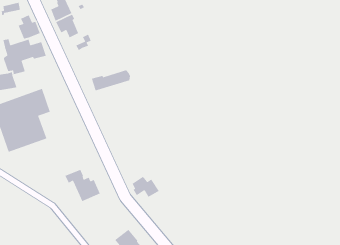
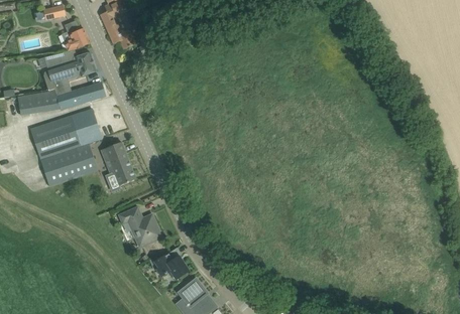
building: [91,69,131,92] -> [55,82,104,109]
building: none -> [99,140,135,184]
building: [132,176,160,198] -> [154,252,189,278]

